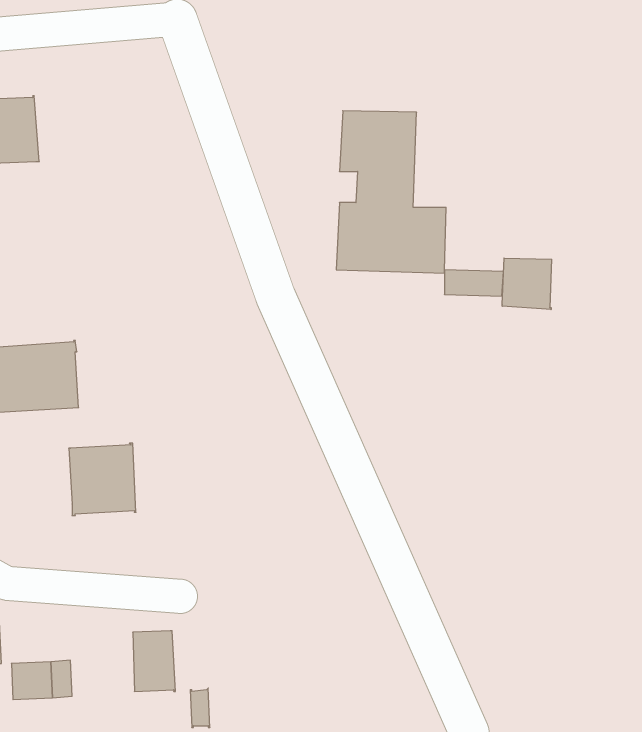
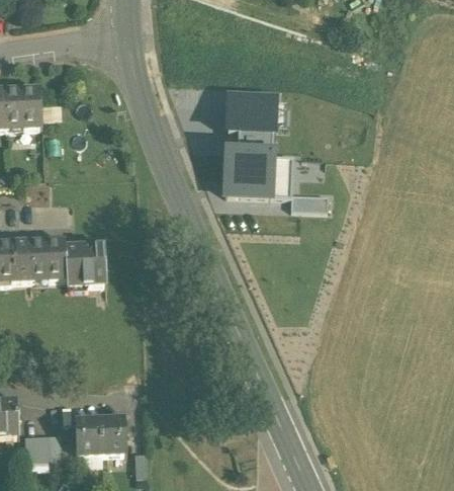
building: [502,258,552,310] -> none
building: [69,443,136,516] -> [64,241,105,285]
building: none -> [74,417,100,456]

